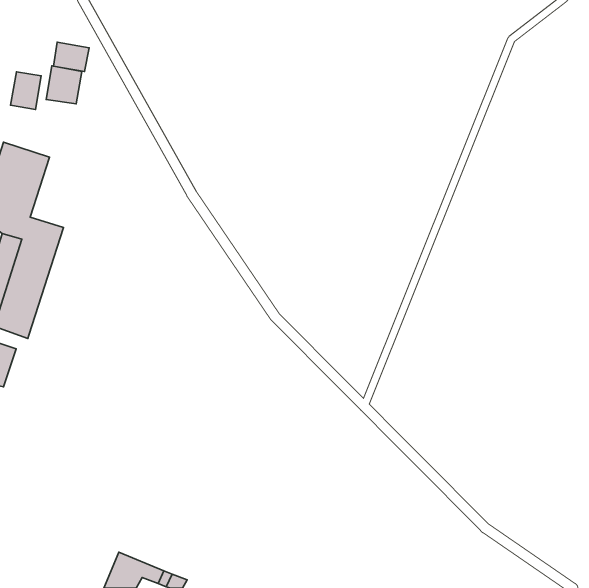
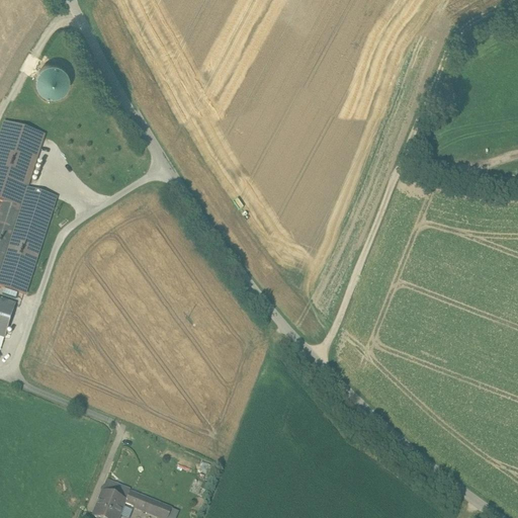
building: [54,42,89,71] -> none
building: [10,72,41,110] -> none

